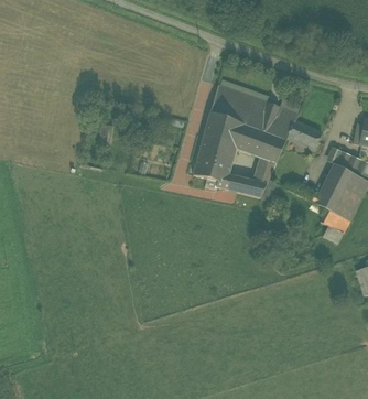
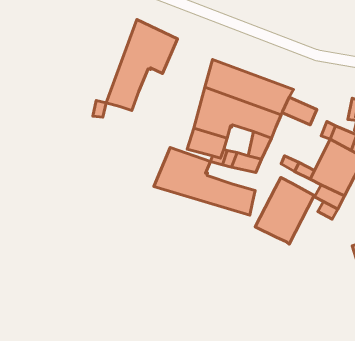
building: none -> [106,20,178,111]
building: none -> [154,147,255,215]
building: none -> [255,177,314,244]

